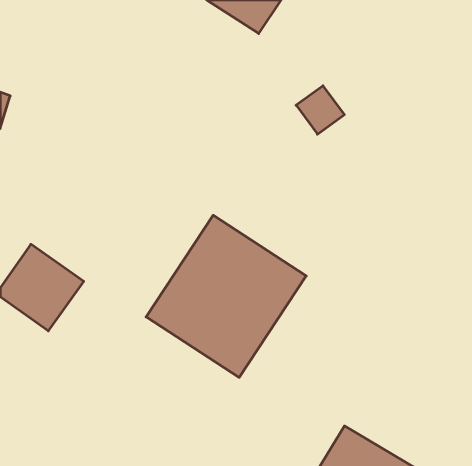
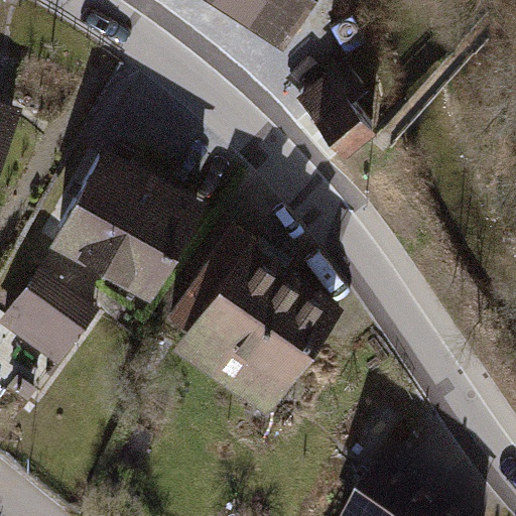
building: none -> [44,149,202,302]

